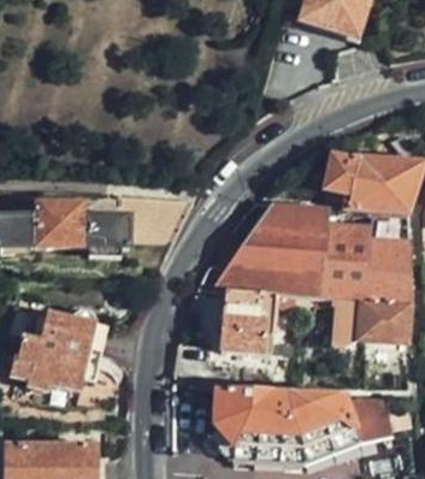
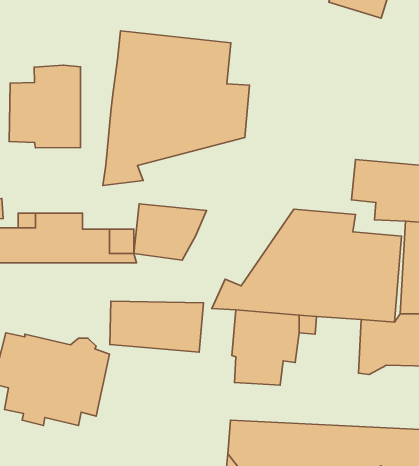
building: none -> [103,31,250,186]
building: none -> [9,65,81,148]
building: none -> [110,301,203,352]

